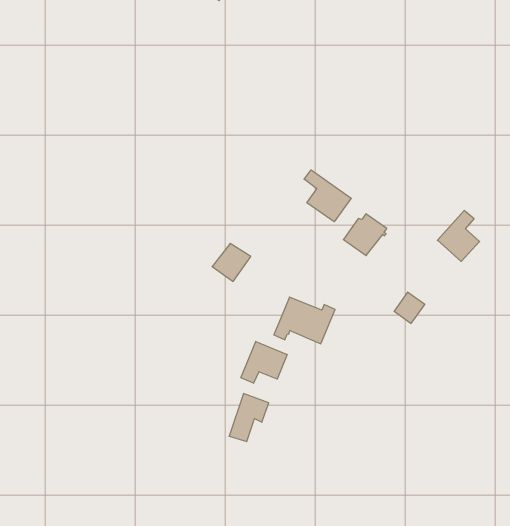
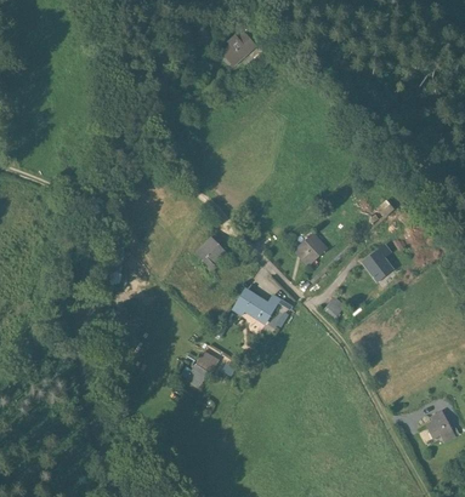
building: [304,170,351,222] -> none
building: [241,341,287,383] -> none

